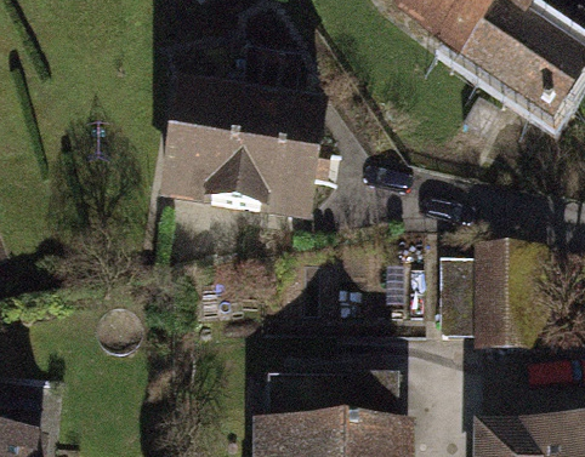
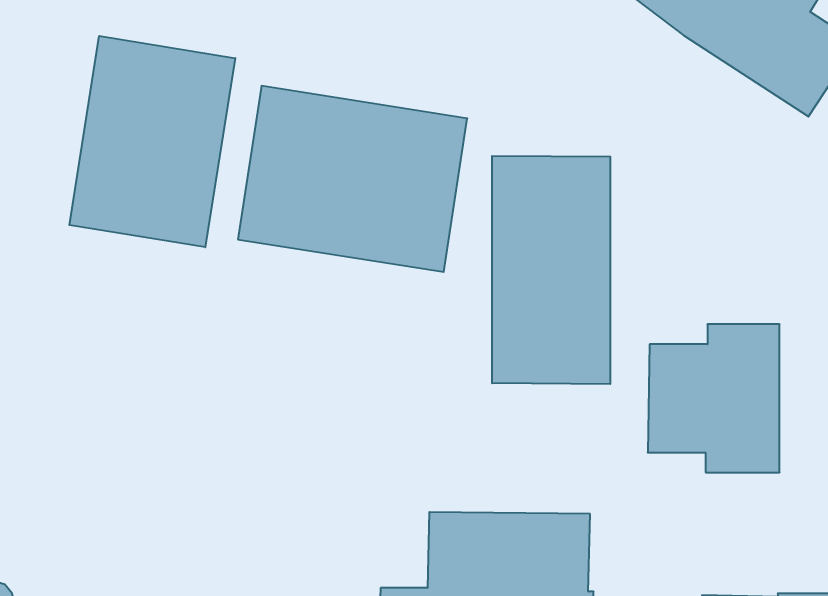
building: none -> [69,36,235,247]
building: none -> [492,156,610,384]

